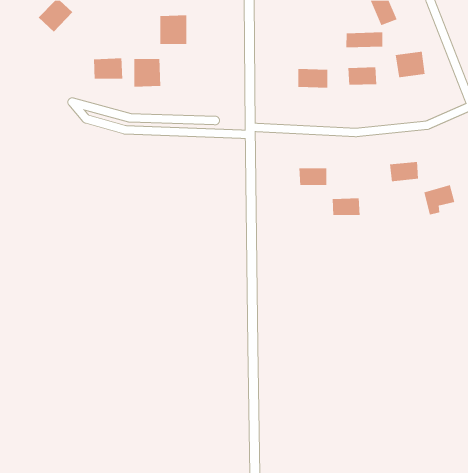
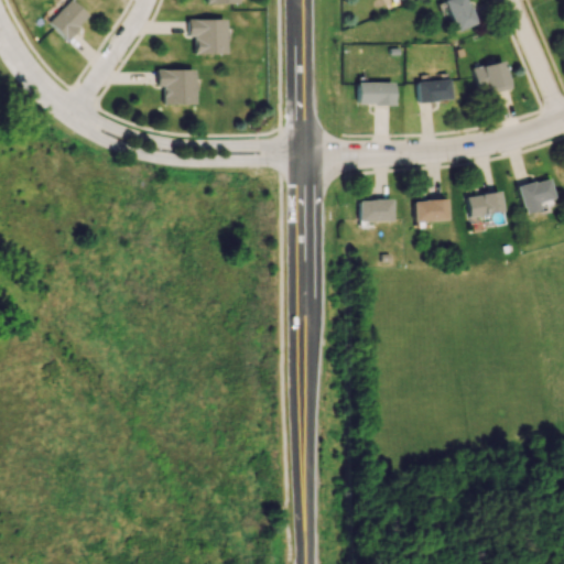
building: [346,31,383,48] -> none
building: [94,58,123,80] -> none
building: [424,185,455,215] -> [520,178,557,215]
building: [332,198,360,216] -> [416,200,451,221]

